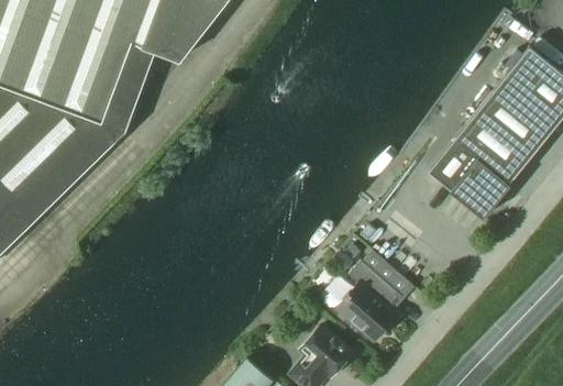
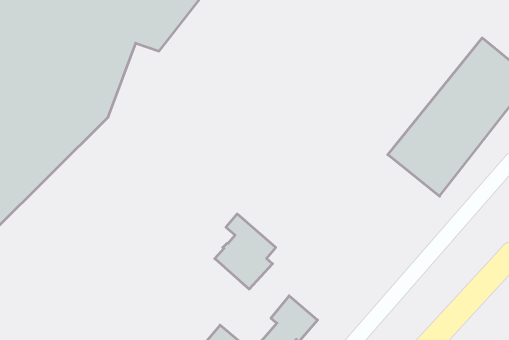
building: [336,257,402,339] -> [215,214,276,289]

